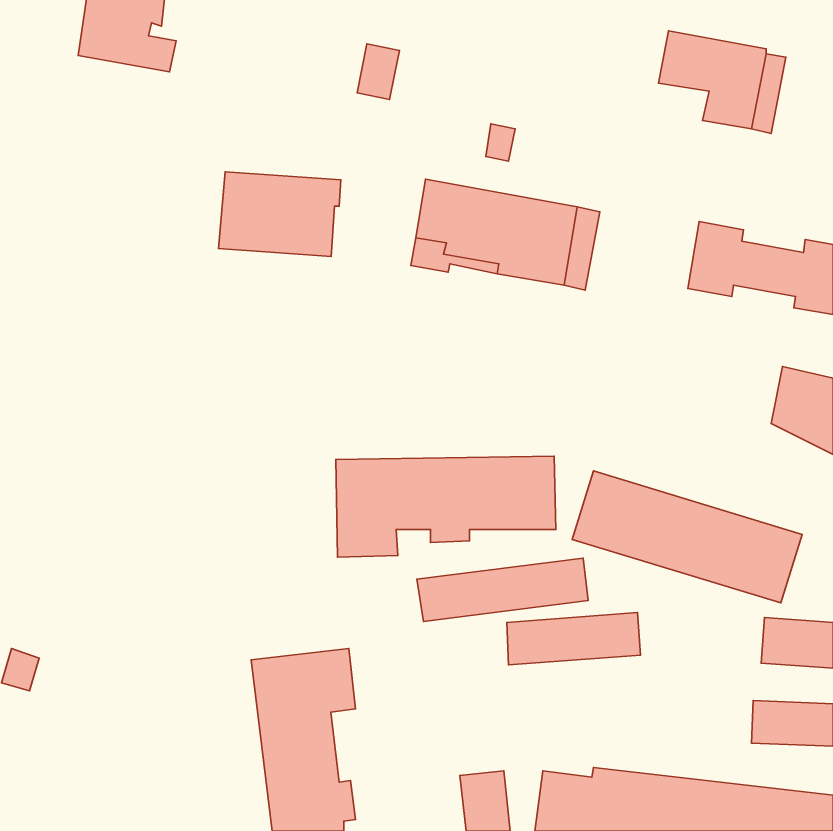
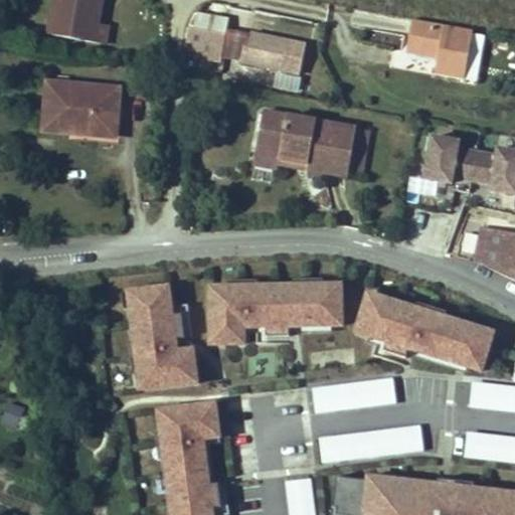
building: none -> [184,13,228,59]
building: none -> [240,32,301,73]
building: [219,172,341,257] -> [43,83,119,136]
building: none -> [128,283,200,389]
building: [417,558,588,622] -> [318,423,423,463]

